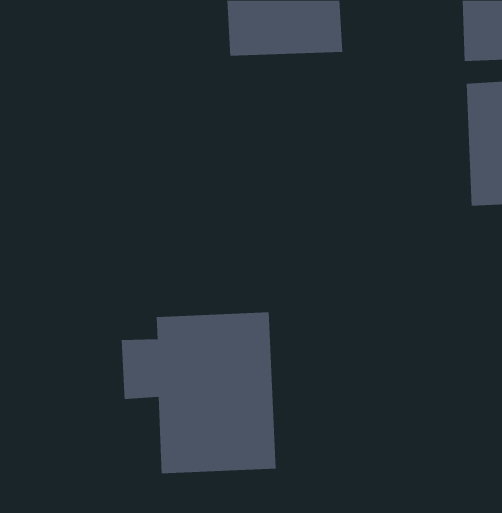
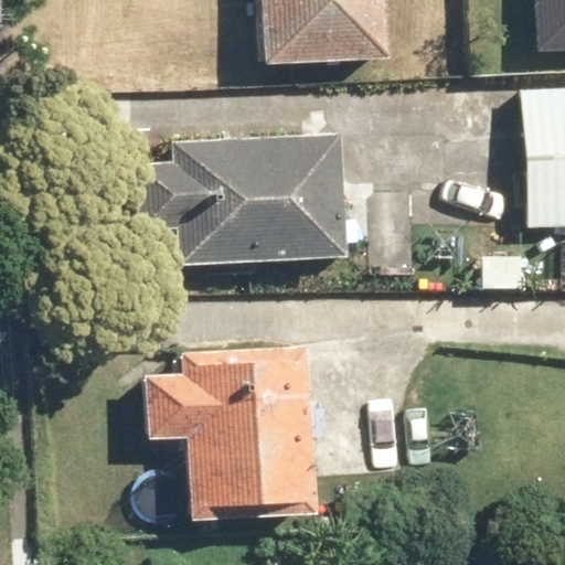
building: none -> [135,134,348,264]

